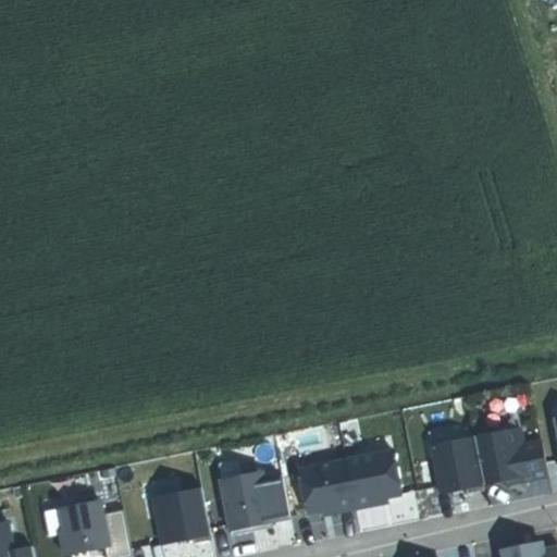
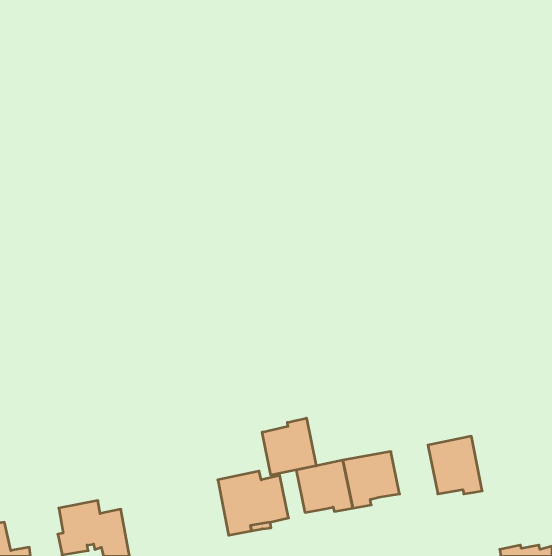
building: none -> [262,418,316,475]
building: [471,428,545,485] -> none
building: [150,487,209,544] -> none

